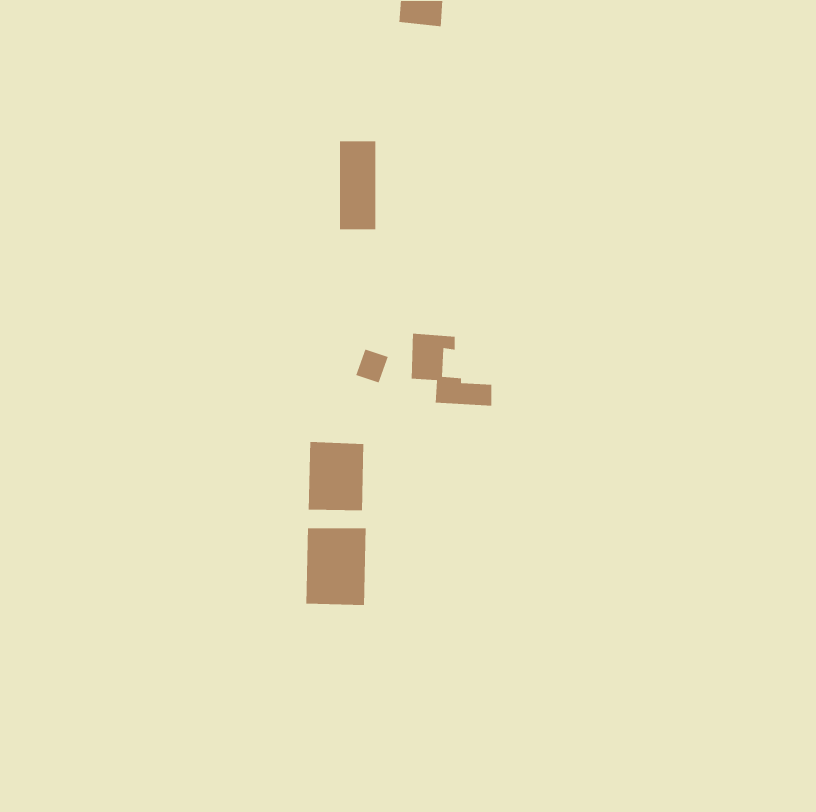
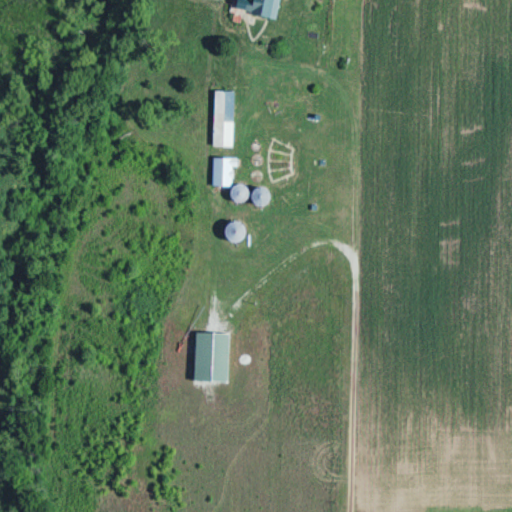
building: [411,333,492,406] -> [213,157,264,203]
building: [308,441,364,511] -> none

